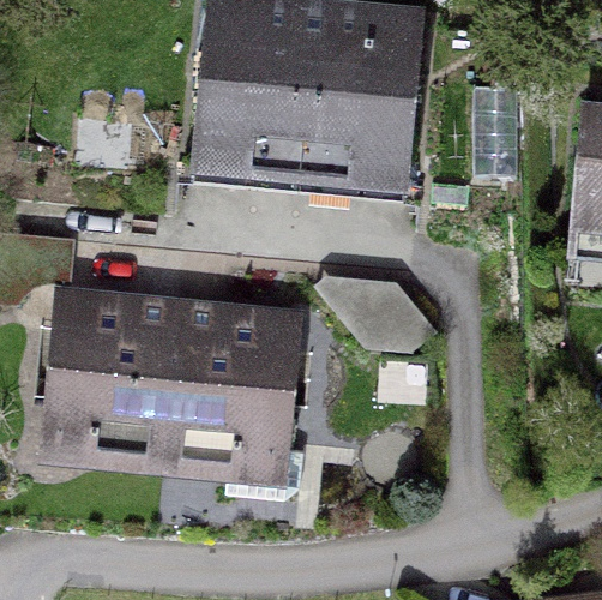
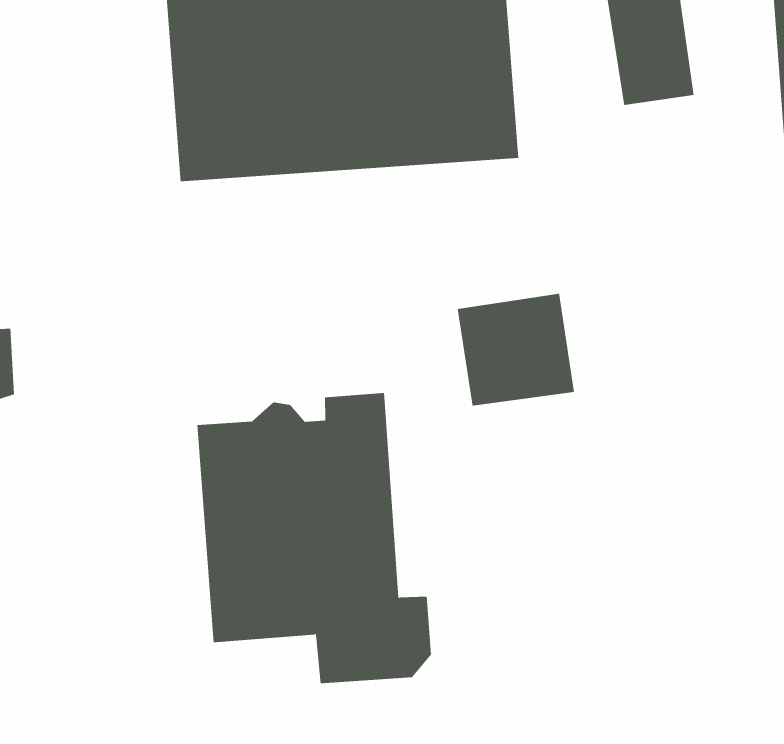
building: [46,290,176,451] -> none

